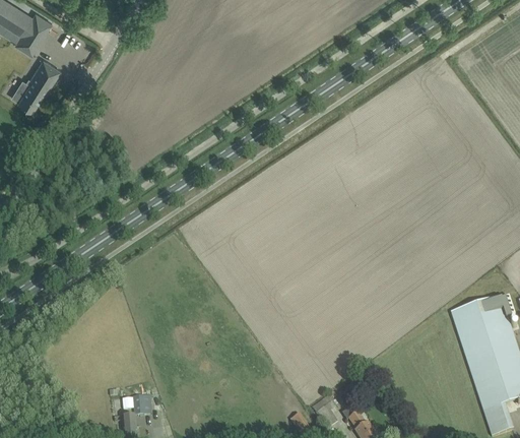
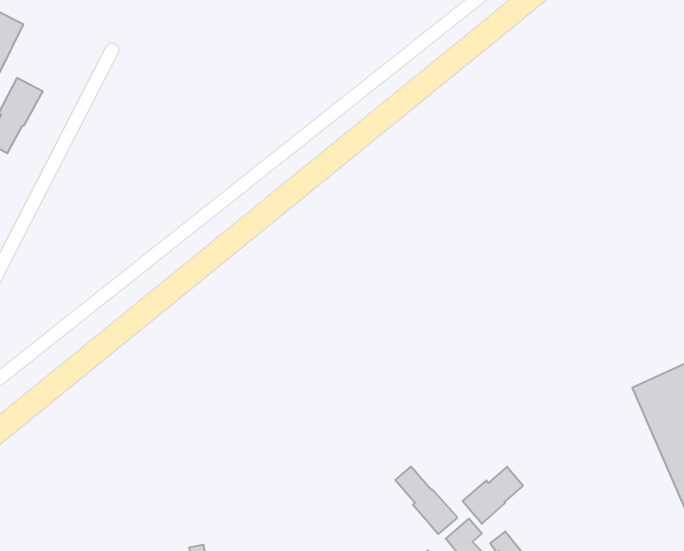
building: none -> [395,467,457,534]
building: none -> [463,467,523,524]

